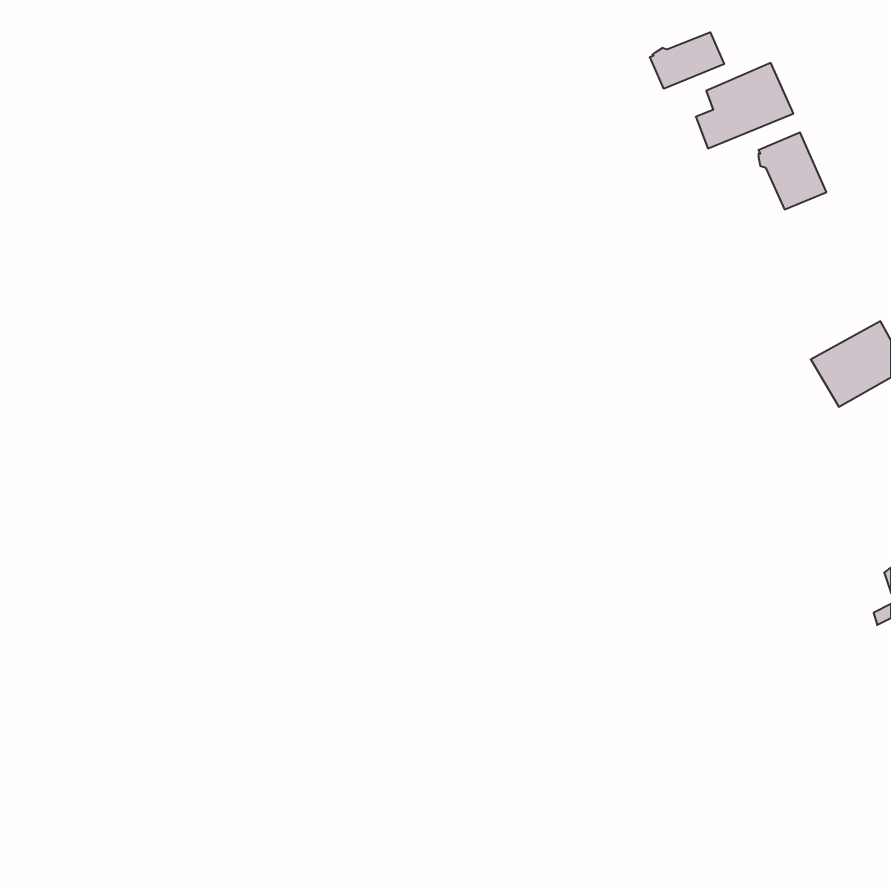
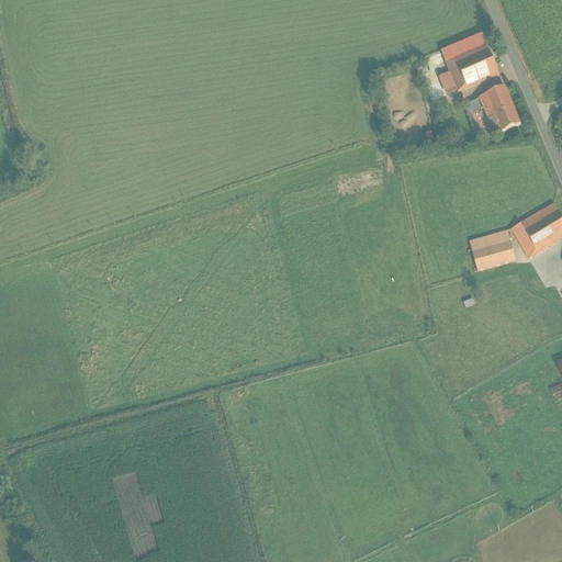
building: [650,32,724,89] -> none
building: none -> [469,227,515,269]

